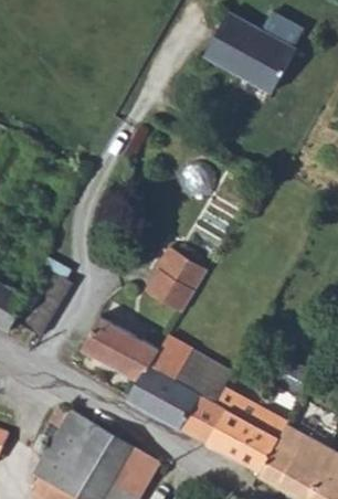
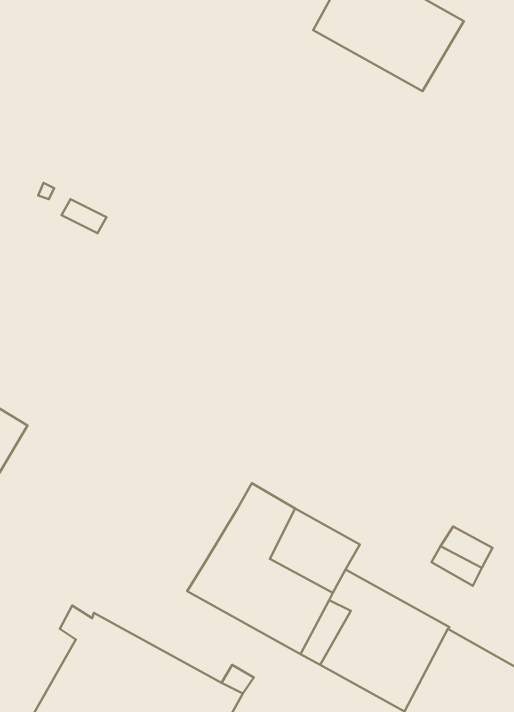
building: [147,244,208,309] -> none
building: [21,270,73,336] -> none
building: [84,318,158,380] -> none

